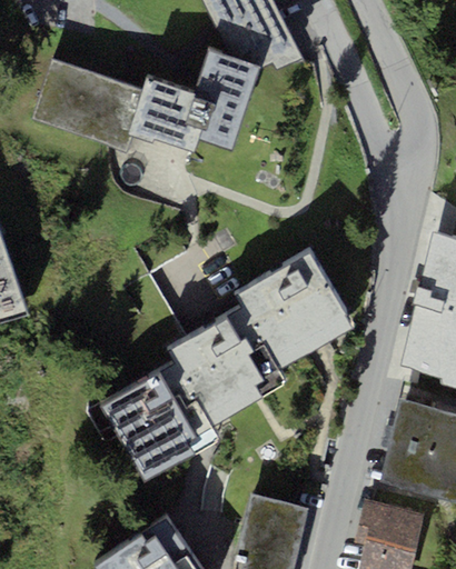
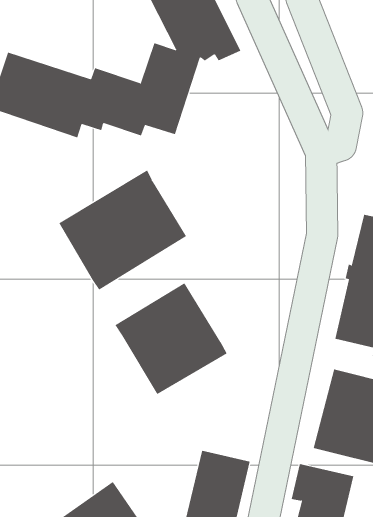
building: none -> [58,169,187,290]
building: [234,251,355,369] -> none
building: [99,362,218,481] -> none

